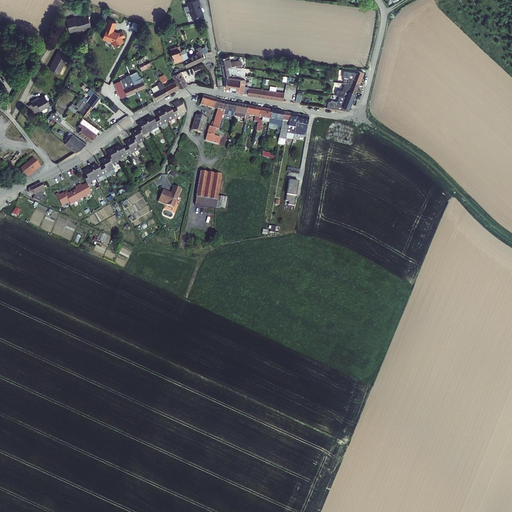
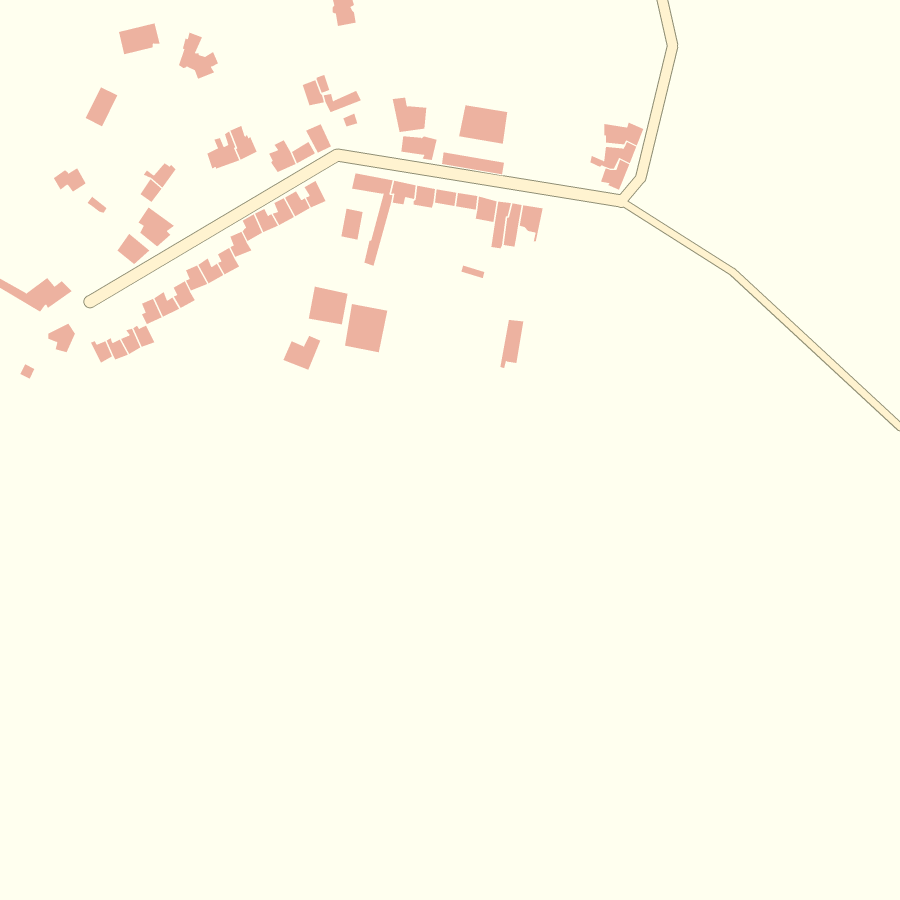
building: none -> [458,104,508,144]
building: none -> [308,286,348,325]

